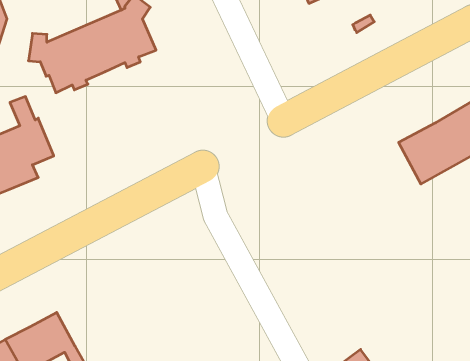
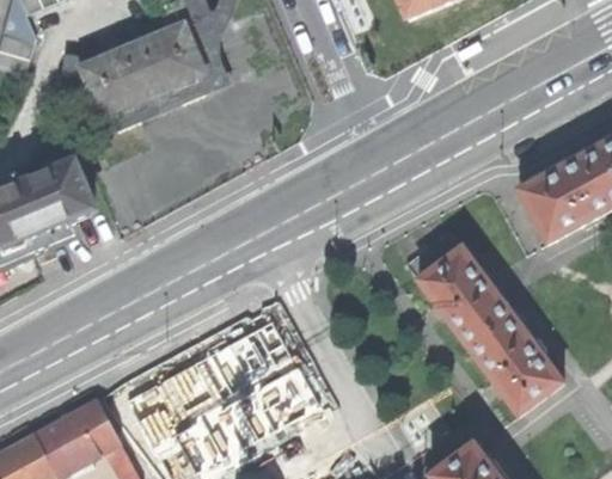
building: none -> [404,228,562,413]

